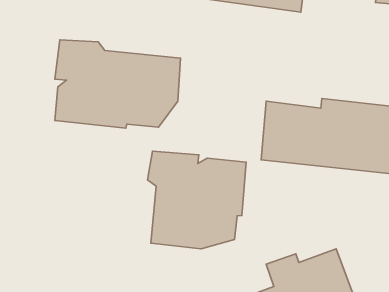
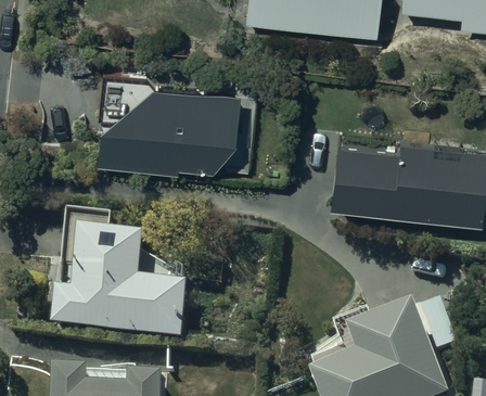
building: [148,151,246,249] -> none
building: none -> [52,216,187,342]

